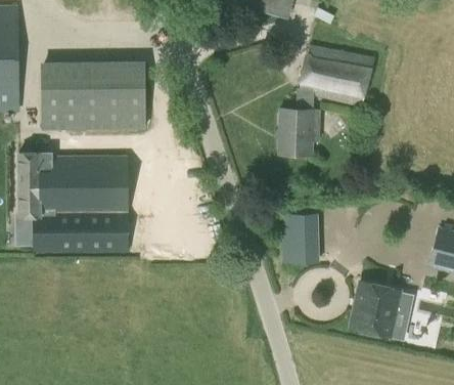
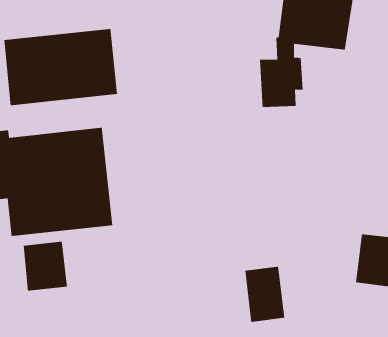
building: [282,213,316,263] -> [245,266,285,322]
building: none -> [23,241,68,291]

